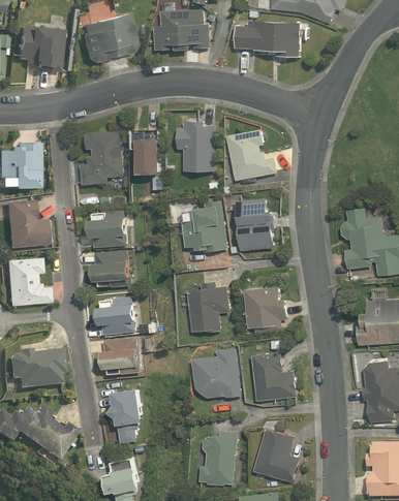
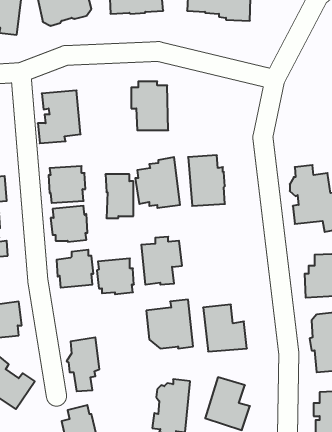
building: [226,128,276,181] -> none
building: [132,129,161,175] -> [105,174,133,218]
building: [244,285,287,334] -> none
building: [102,337,141,374] -> [97,258,134,294]

